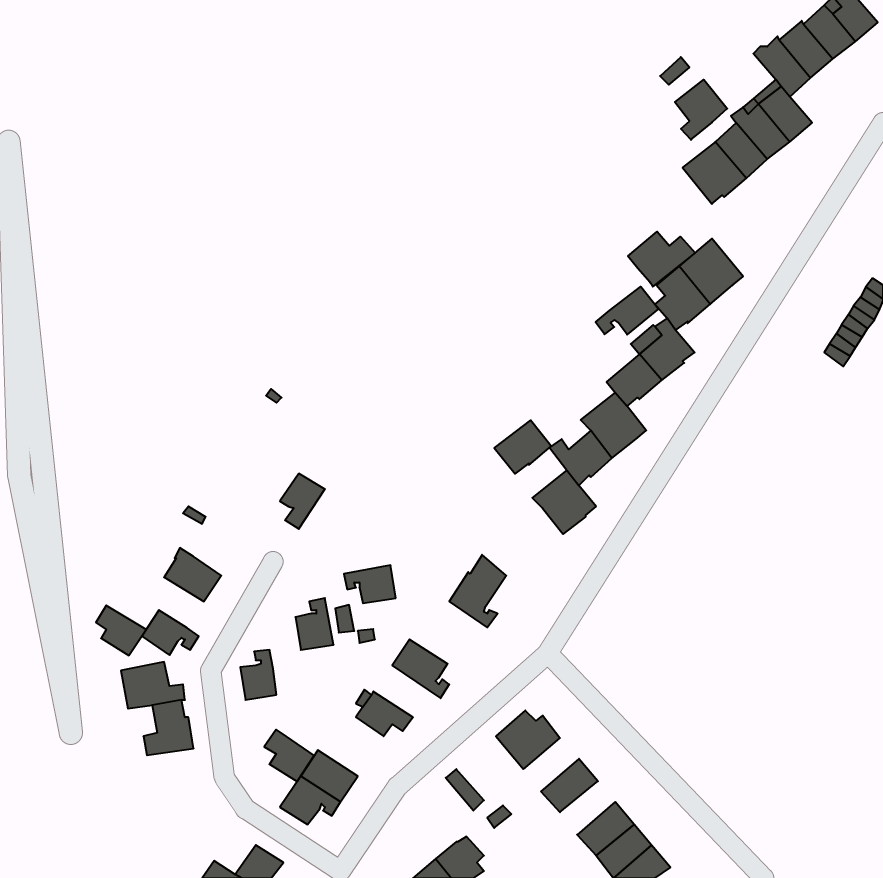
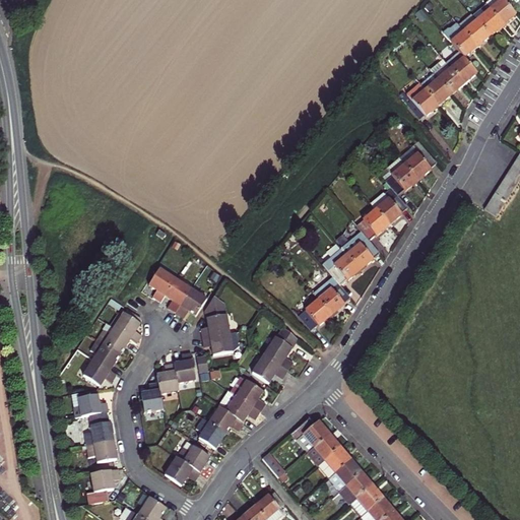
building: [675,80,727,140] -> none
building: [628,232,695,287] -> none
building: [596,287,659,335] -> none
building: [494,420,551,474] -> [298,299,331,330]
building: none -> [149,268,176,301]
building: none -> [176,287,207,316]
building: none -> [201,297,230,337]
building: none -> [114,312,142,342]
building: none -> [252,353,286,383]
building: [96,605,146,655] -> [90,339,120,369]
building: none -> [157,363,179,393]
building: none -> [217,390,259,421]
building: [264,730,314,782] -> [196,417,225,448]
building: none -> [308,434,340,465]
building: none -> [86,440,117,461]
building: none -> [329,459,362,491]
building: none -> [88,468,120,503]

